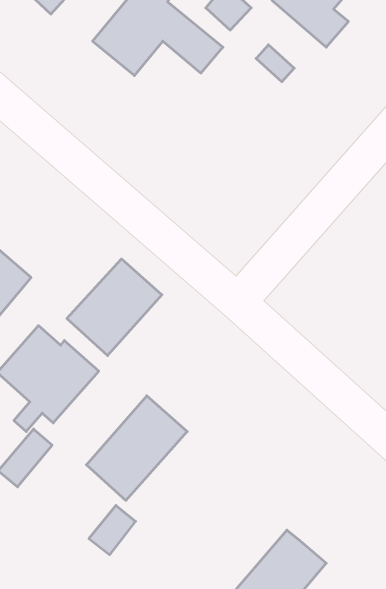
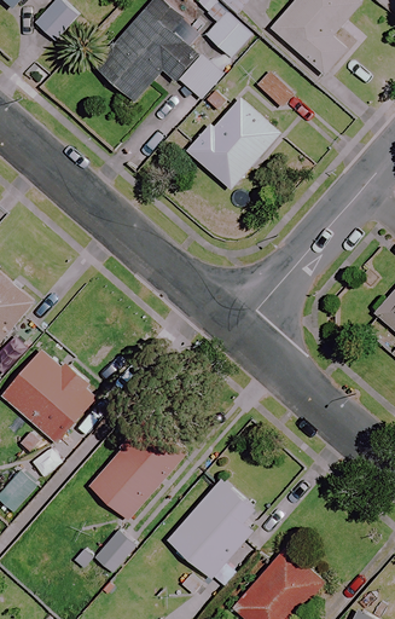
building: none -> [186,97,279,190]
building: [67,259,162,356] -> none
building: none -> [162,475,267,597]

